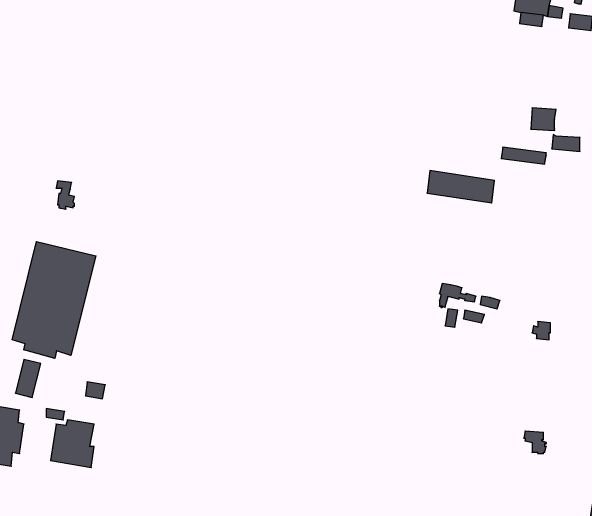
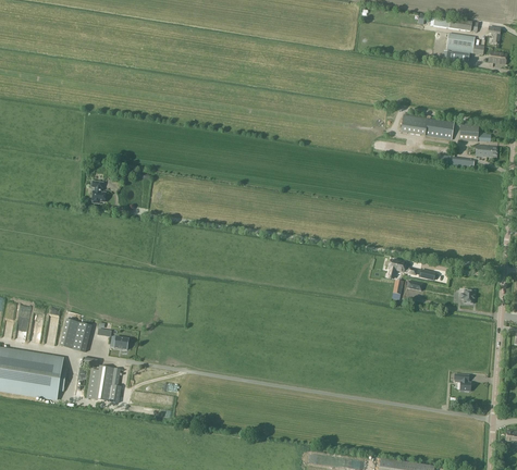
building: [427,171,494,203] -> [403,114,455,139]
building: [12,242,96,358] -> none

